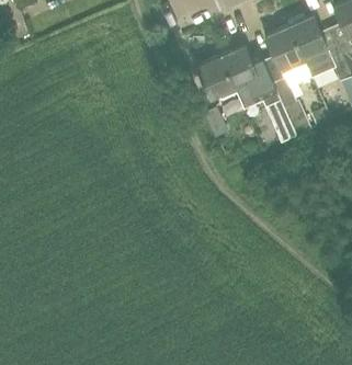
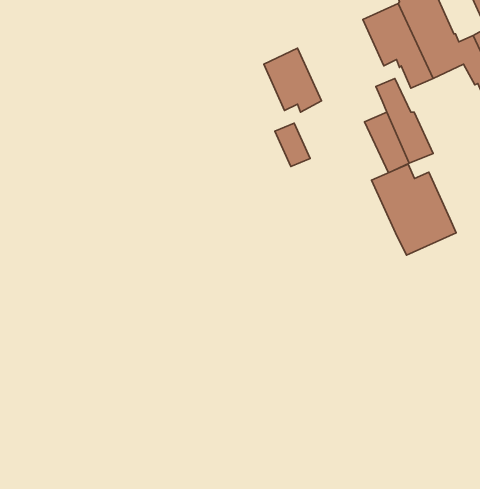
building: [219,45,277,107] -> [371,164,456,255]

